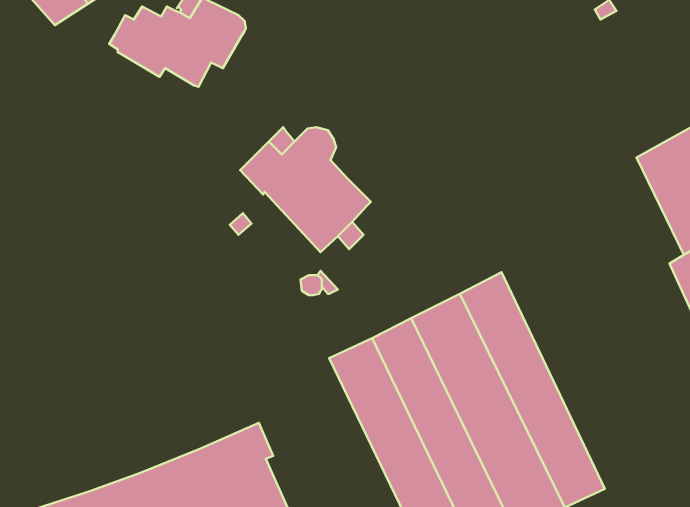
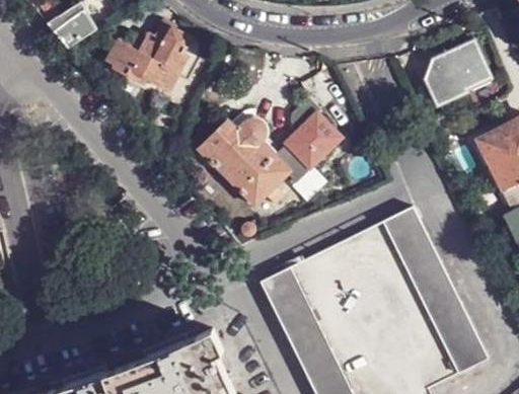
building: none -> [426,37,493,103]
building: none -> [275,98,342,185]
building: none -> [383,209,487,375]

